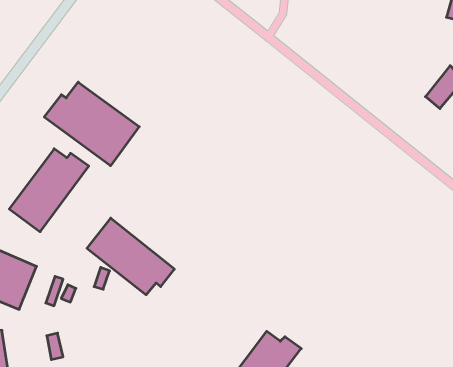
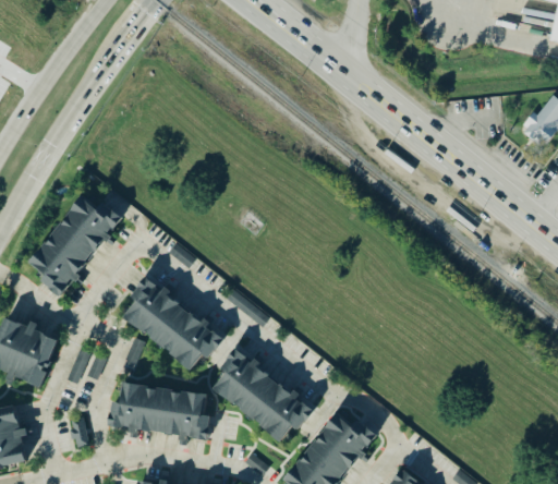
building: [44,82,139,166] -> none
building: none -> [210,351,313,441]
building: none -> [109,384,209,438]

